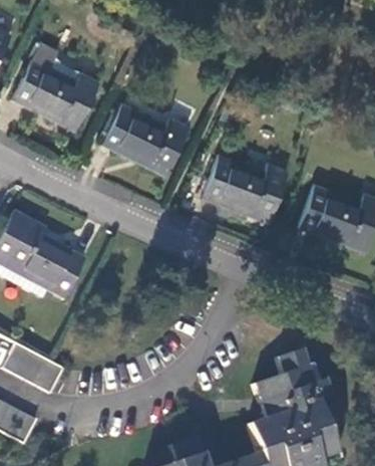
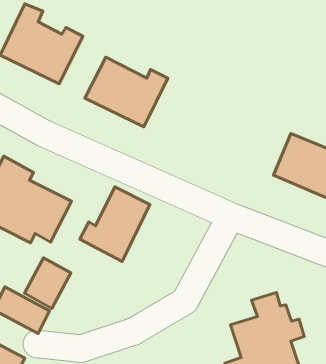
building: [203,153,288,222] -> none
building: none -> [80,187,150,261]
building: none -> [25,258,71,308]

